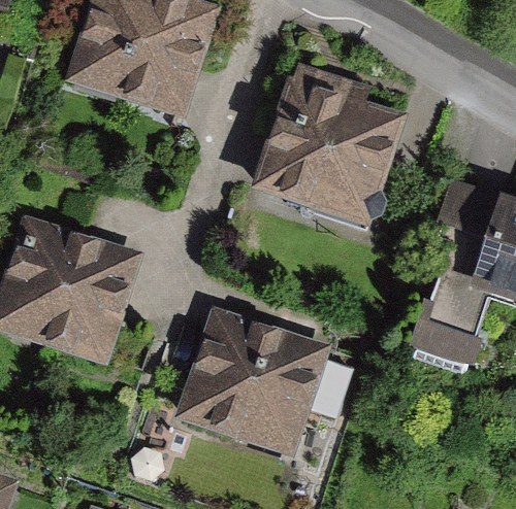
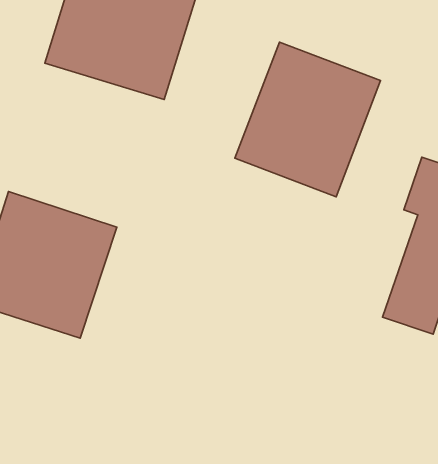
building: [181,300,325,453] -> none

